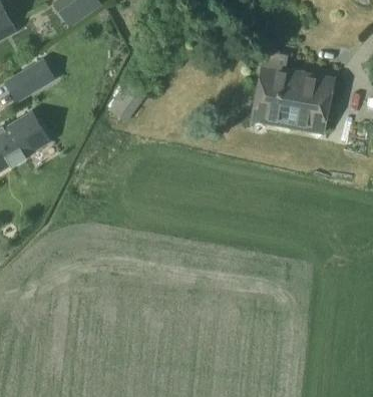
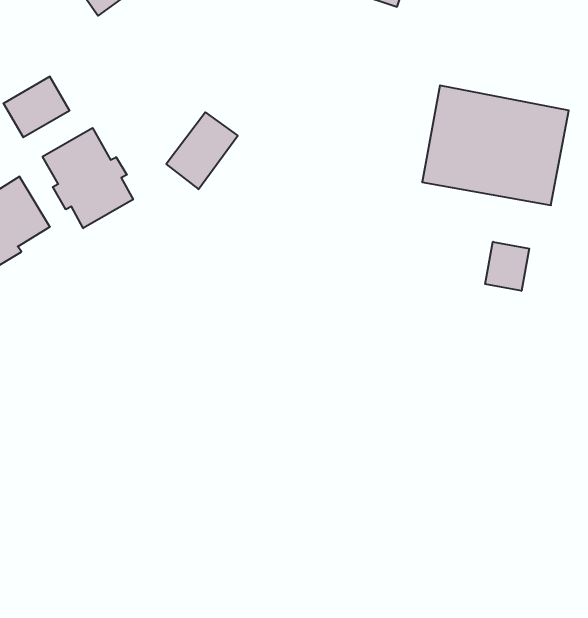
building: none -> [43,128,133,228]
building: none -> [485,242,529,291]

